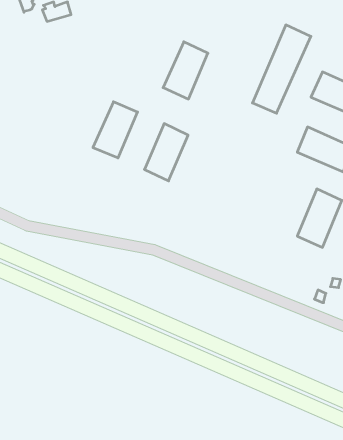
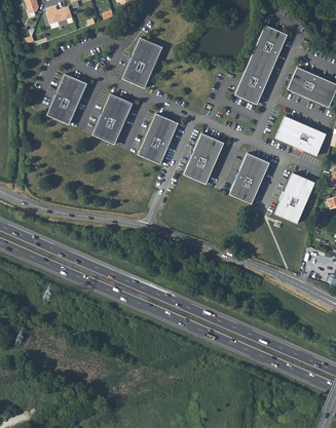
building: [163,42,208,99] -> [121,36,161,87]
building: none -> [46,74,86,124]
building: none -> [183,132,223,184]
building: none -> [228,153,268,203]

